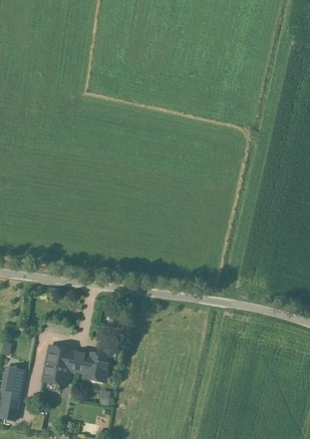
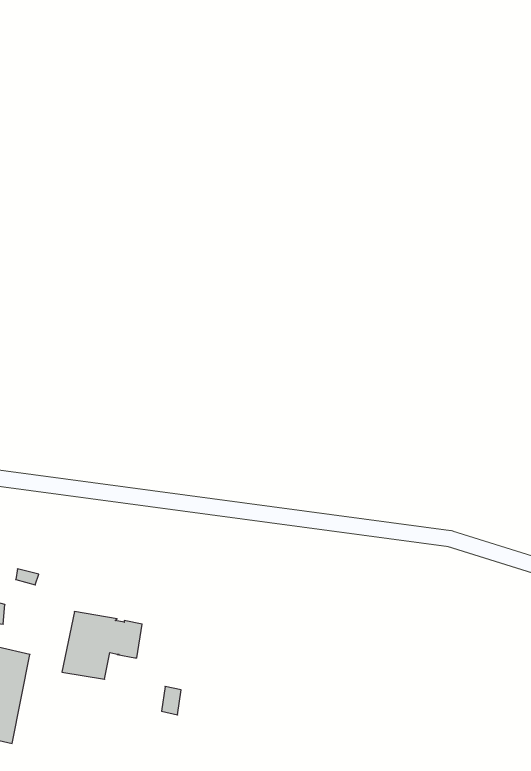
building: [84,353,110,378] -> none

